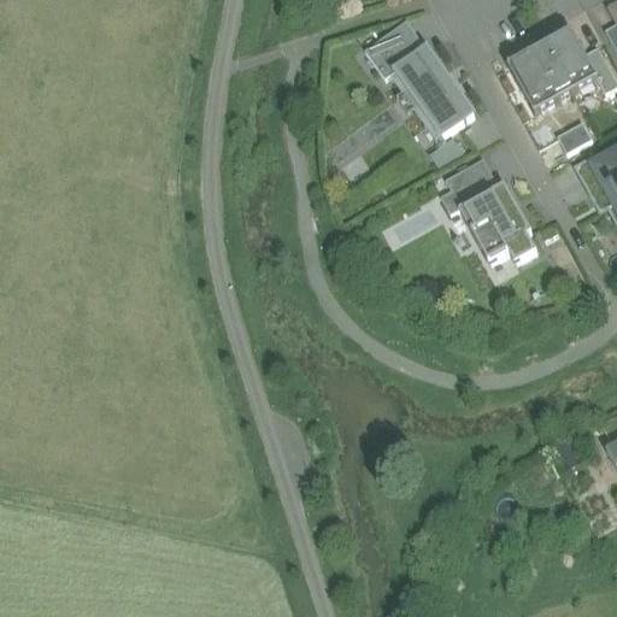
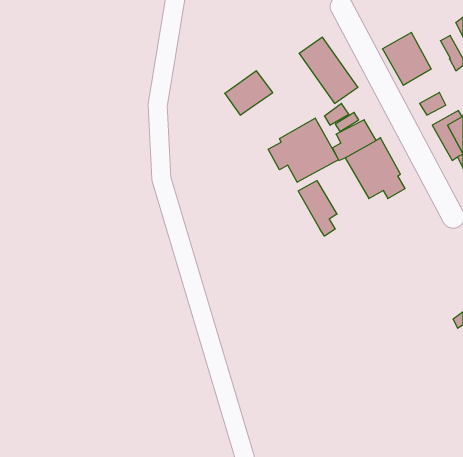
building: [365,20,429,80] -> [225,71,273,115]
building: [547,29,599,92] -> none
building: none -> [268,118,339,182]
building: none -> [298,181,337,236]

